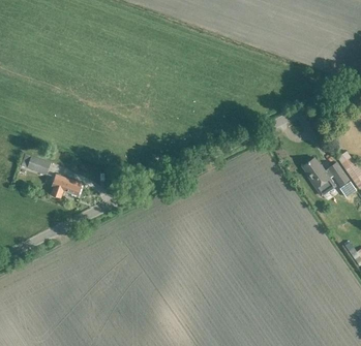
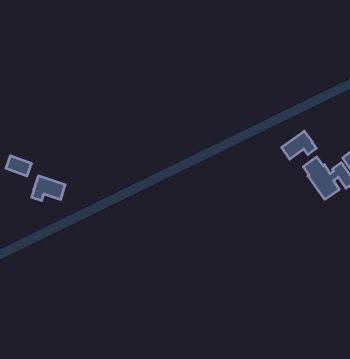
building: none -> [282,131,316,159]

